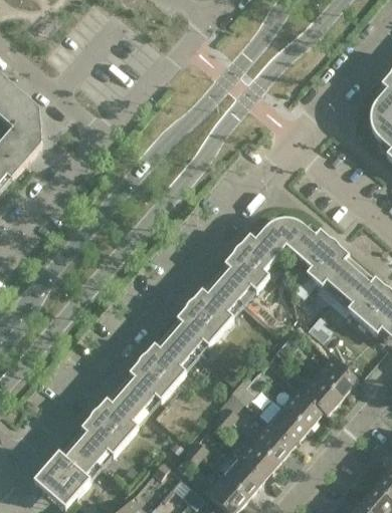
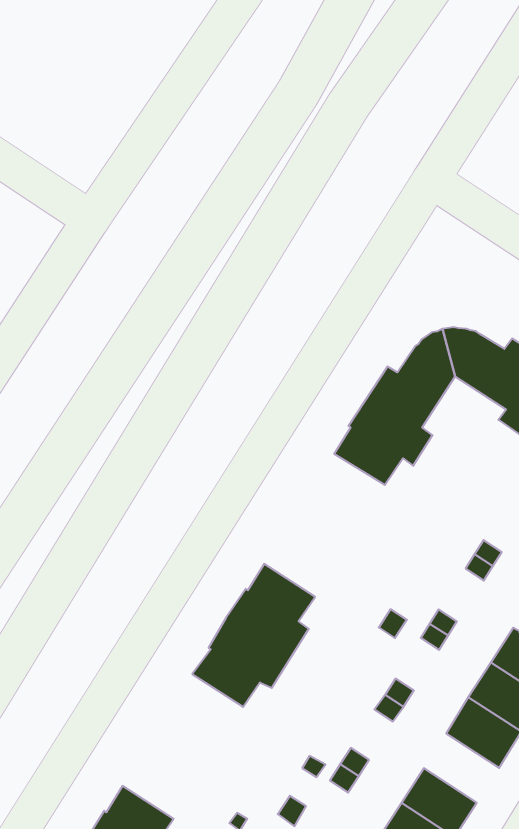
building: [167,277,239,353] -> none
building: [71,386,144,463] -> none
building: [237,439,278,479] -> none

